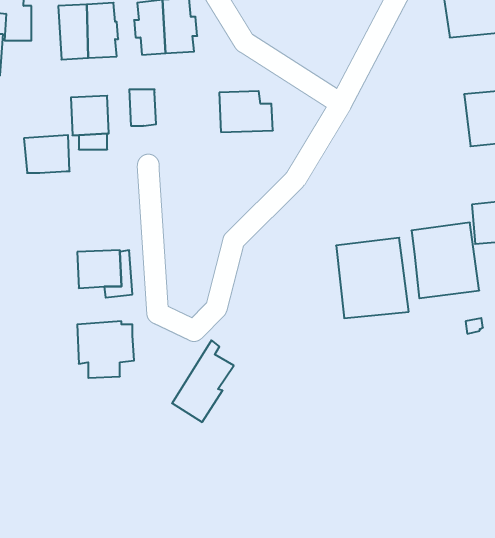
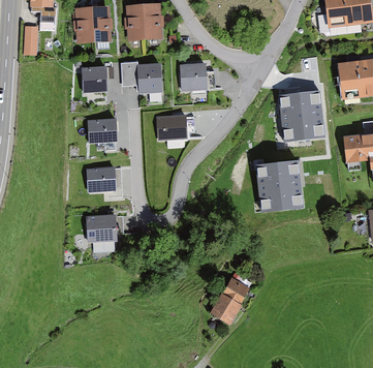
building: none -> [136,63,162,91]
building: [24,135,70,173] -> [87,118,117,143]
building: none -> [156,115,194,141]
building: [411,223,479,298] -> [279,91,323,141]
building: [172,340,234,422] -> [209,272,249,326]

